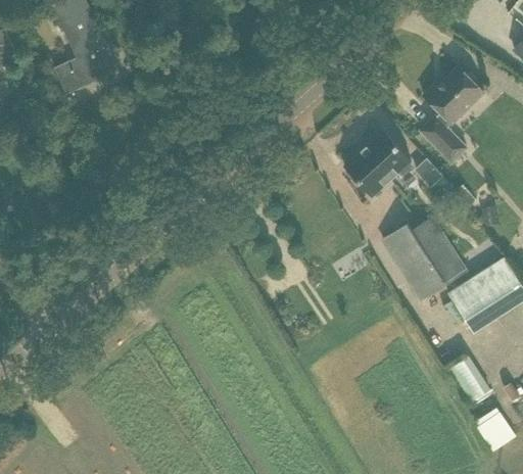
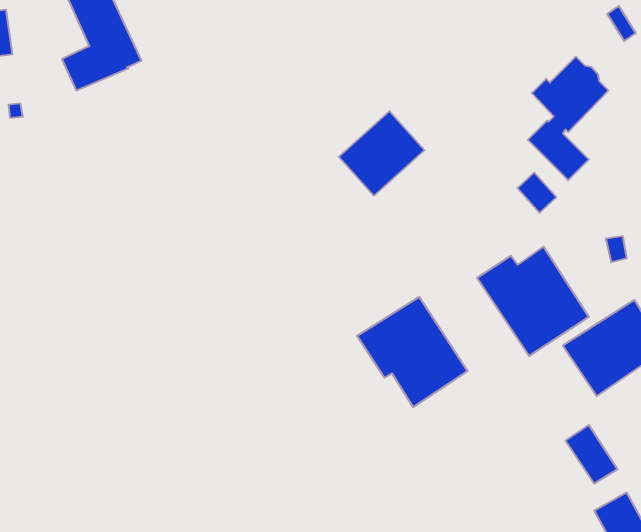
building: [343,130,411,196] -> [339,111,425,196]
building: none -> [357,297,468,407]

